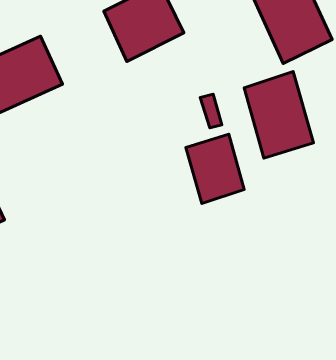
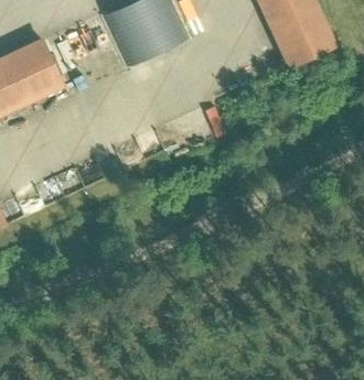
building: [244,72,314,158] -> none
building: [186,134,244,204] -> none

